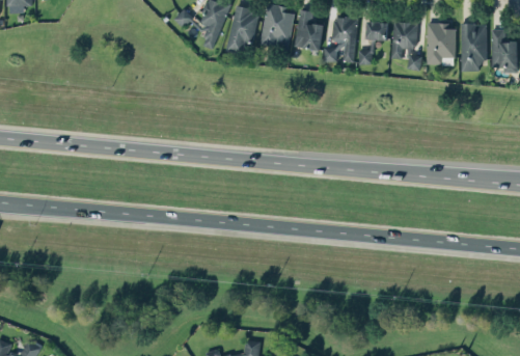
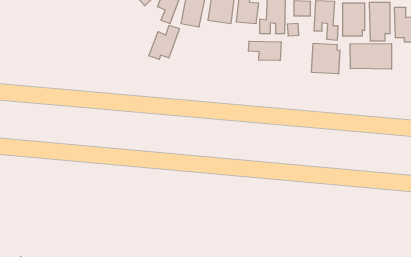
building: none -> [149,25,179,59]
building: none -> [248,41,281,61]
building: none -> [312,43,340,74]
building: none -> [350,43,391,69]

